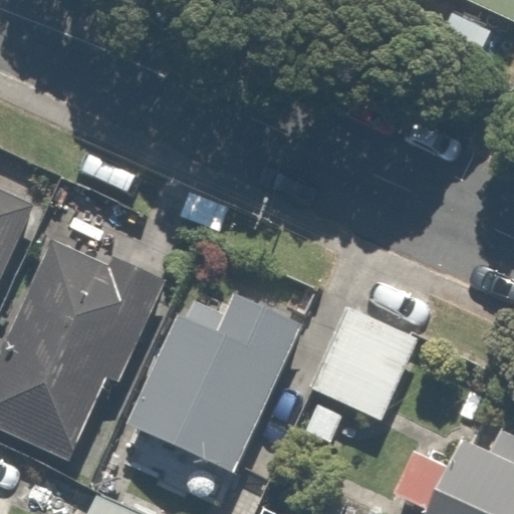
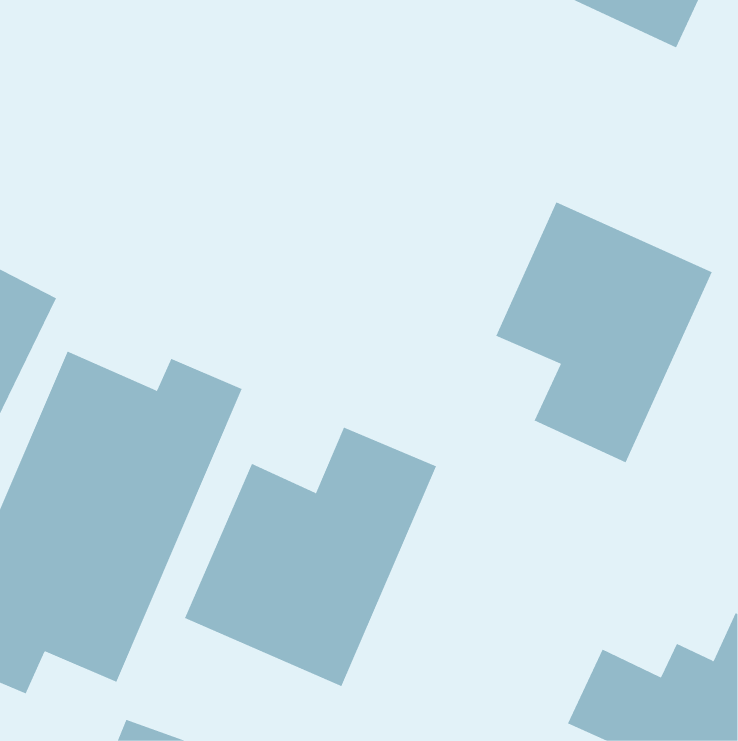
building: none -> [496,201,712,463]
building: [308,300,432,425] -> none

